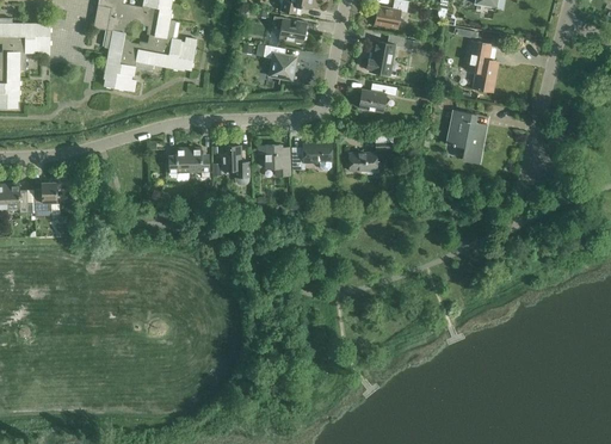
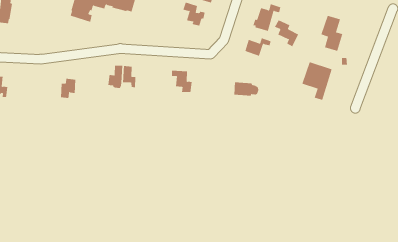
building: none -> [274,19,299,47]
building: [291,143,333,169] -> none
building: [221,146,249,185] -> none
building: [33,181,56,210] -> [60,78,76,99]

